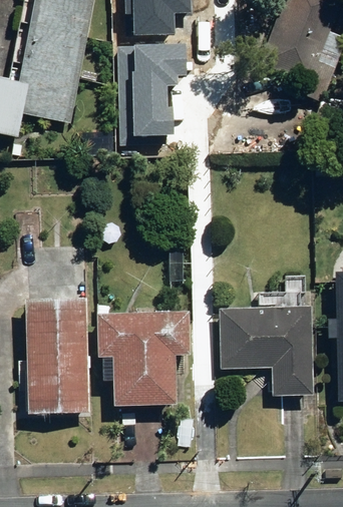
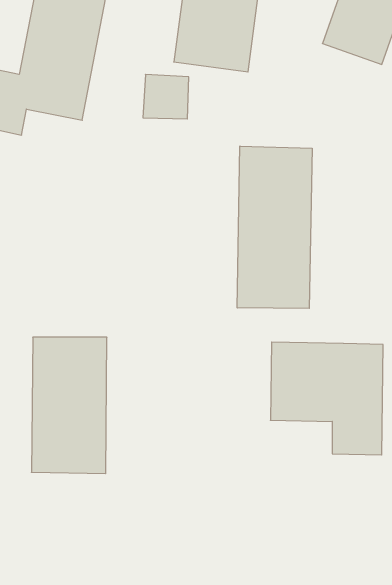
building: none -> [237,146,312,308]
building: [96,308,192,406] -> none

